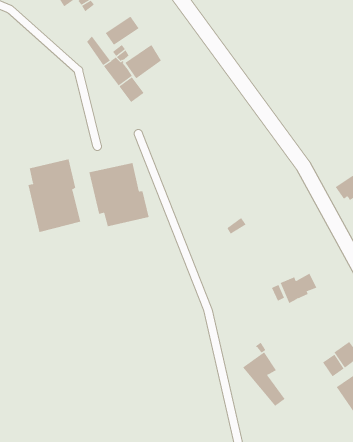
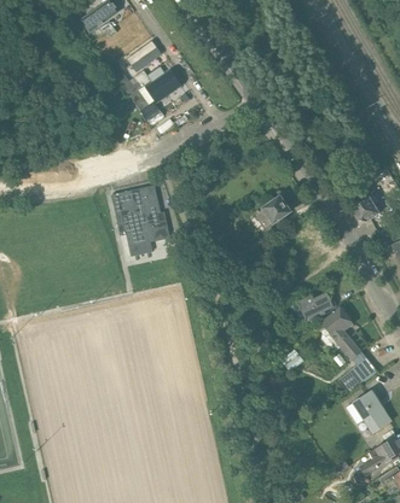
building: [28,158,81,233] -> none
building: none -> [254,194,290,228]
building: [242,351,286,406] -> [319,305,361,358]

